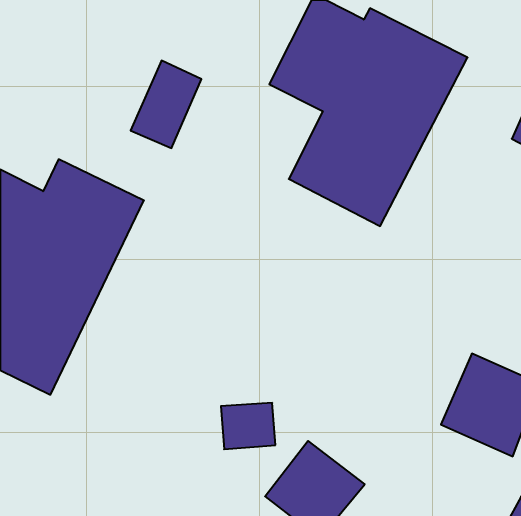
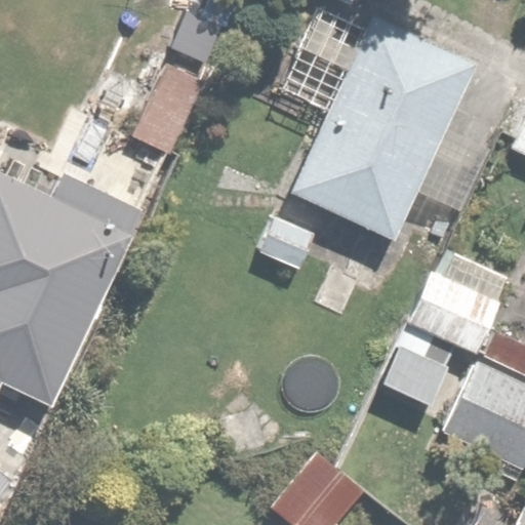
building: none -> [378,273,502,413]

